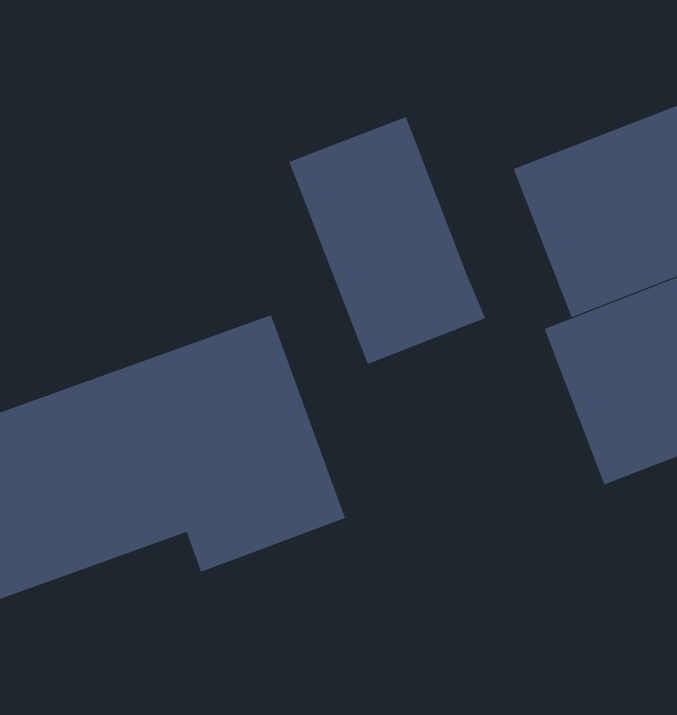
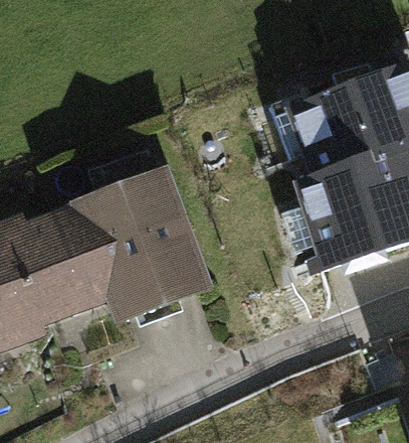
building: [289,116,486,365] -> none

